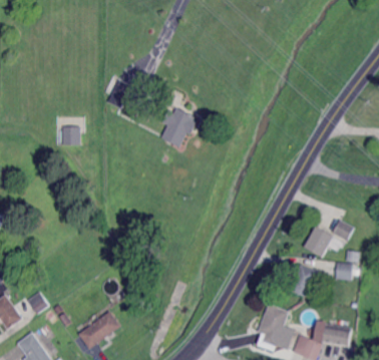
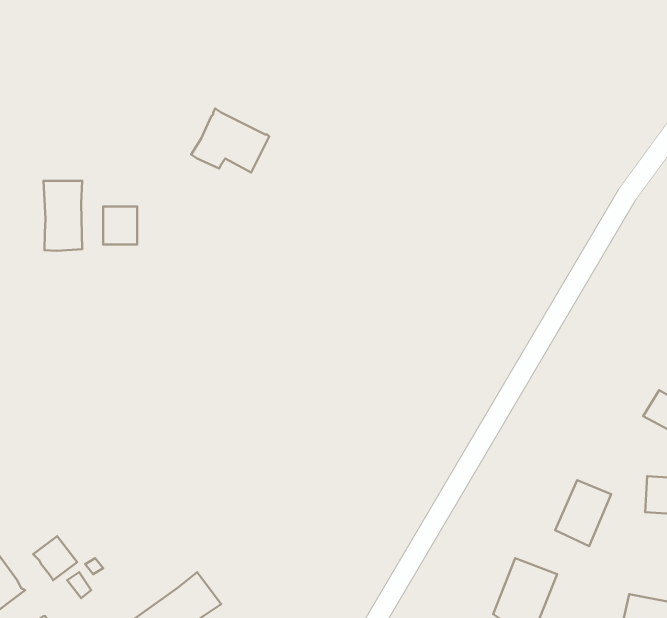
building: [161,106,198,147] -> none
building: none -> [43,181,82,251]
building: [304,226,335,257] -> none

